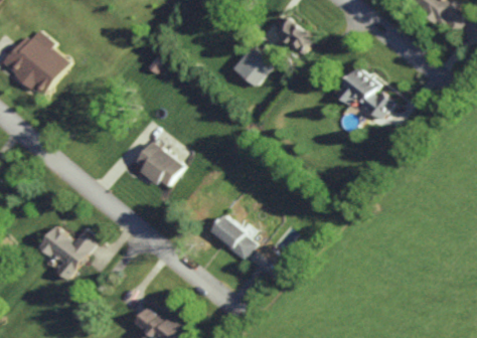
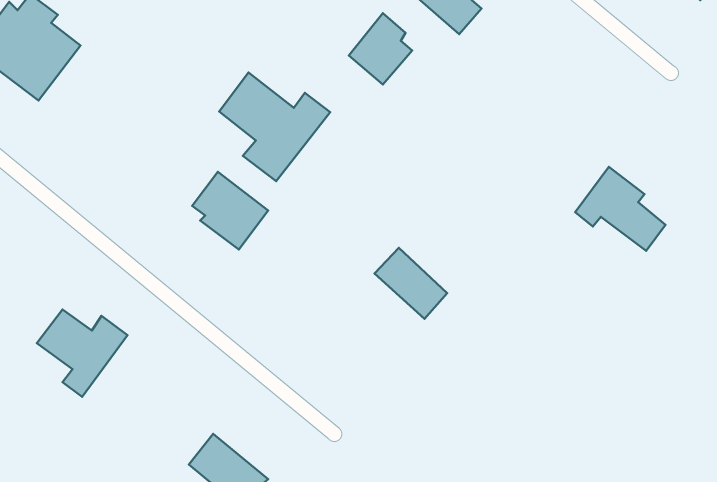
building: [335,66,391,119] -> [575,167,666,251]
building: none -> [219,72,330,181]
building: [209,214,255,259] -> [374,248,447,319]

